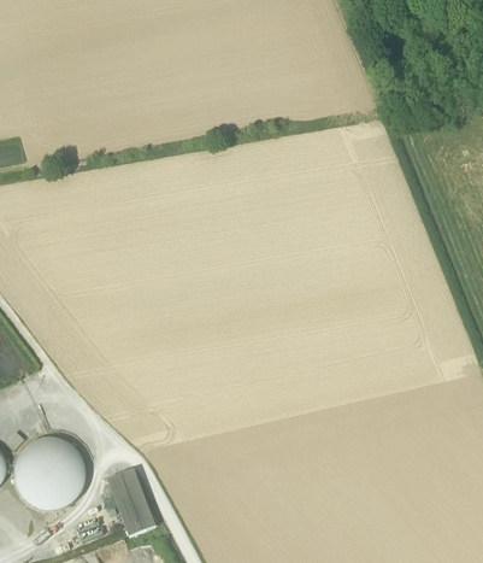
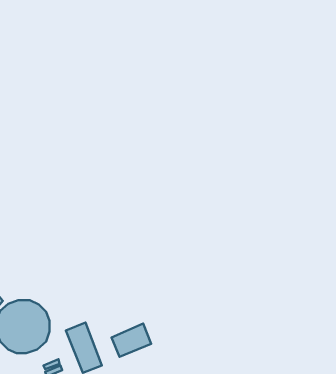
building: none -> [111,323,151,357]

